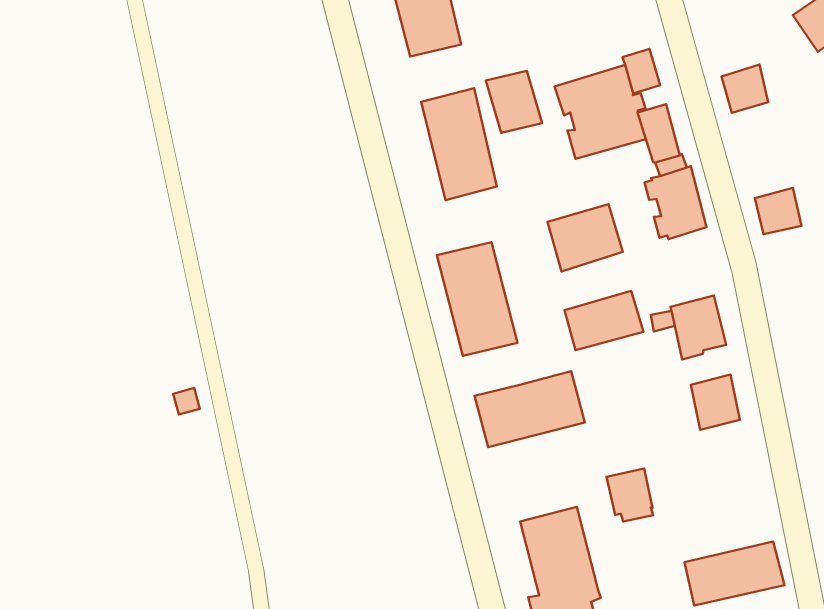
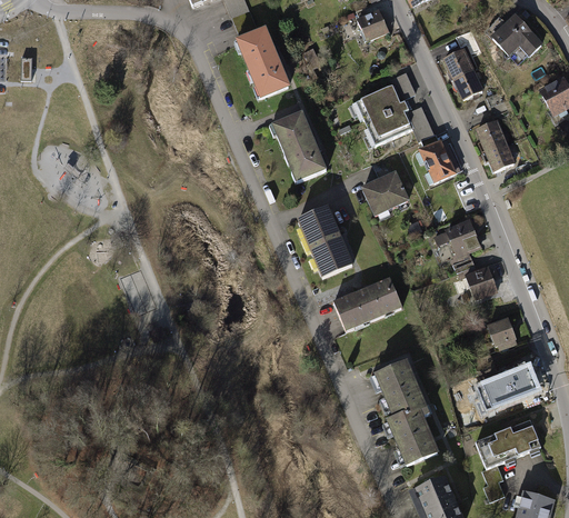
building: none -> [442,49,475,81]
building: [486,71,542,133] -> none
building: none -> [475,121,507,152]
building: [565,291,643,350] -> none
building: [607,468,653,521] -> [485,313,517,348]

